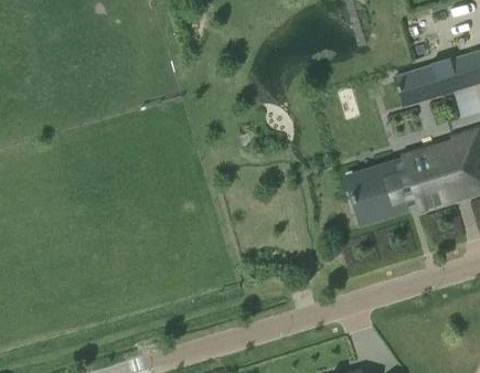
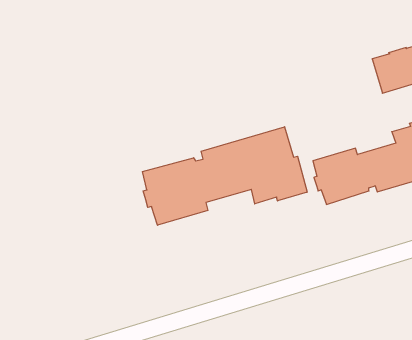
building: none -> [143,127,307,225]

